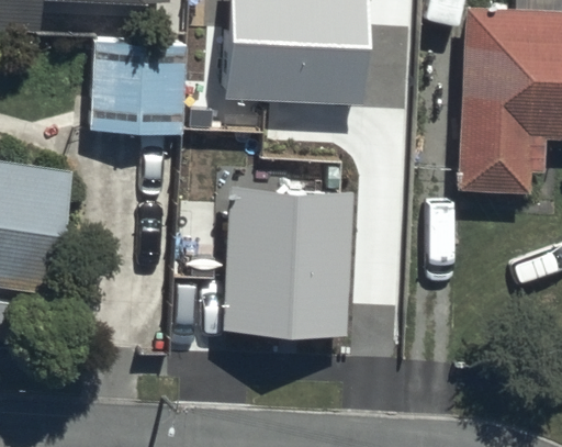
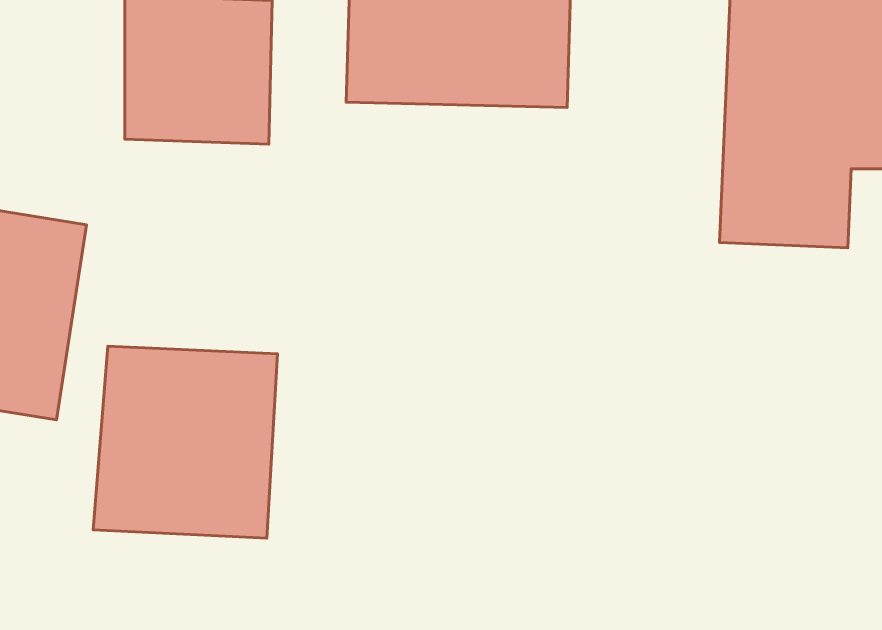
building: [227,189,356,334] -> none
building: none -> [93,346,277,538]

